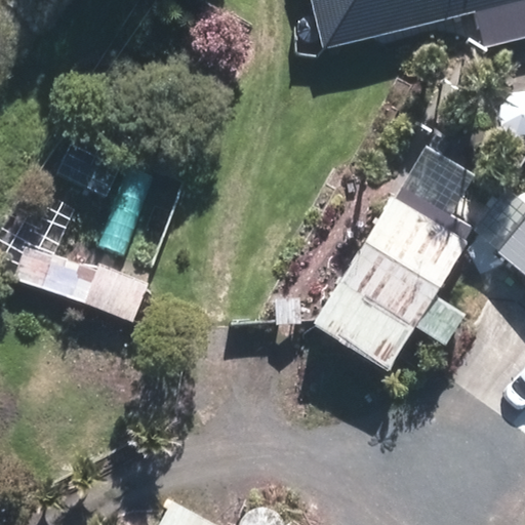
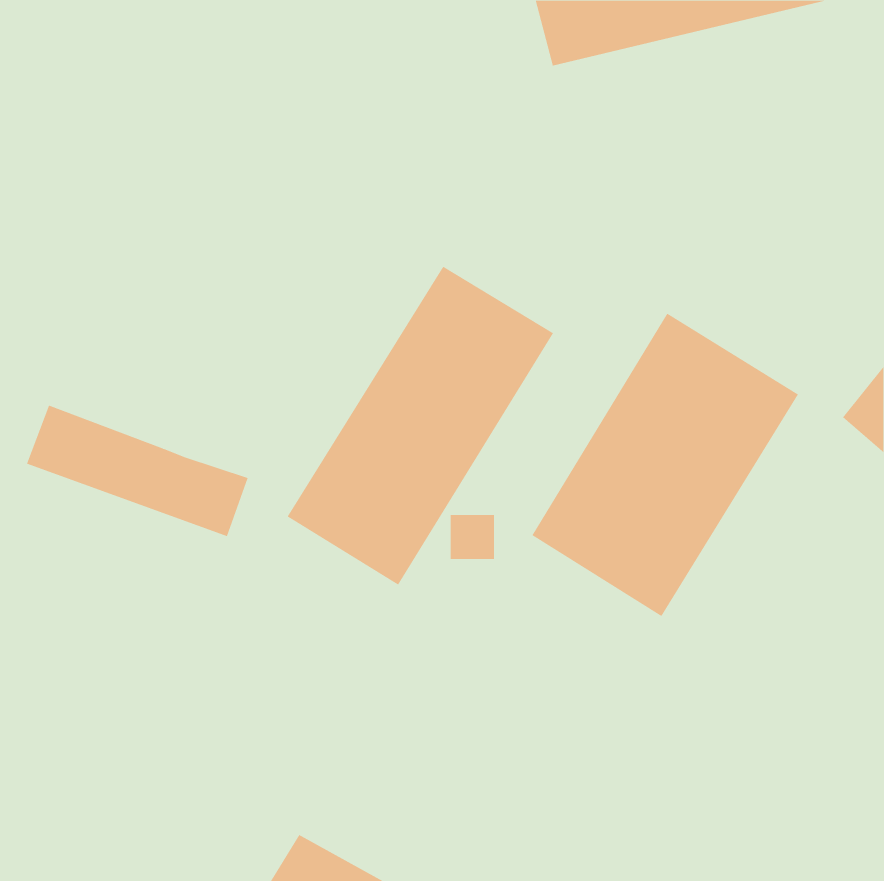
building: none -> [287,266,554,585]

